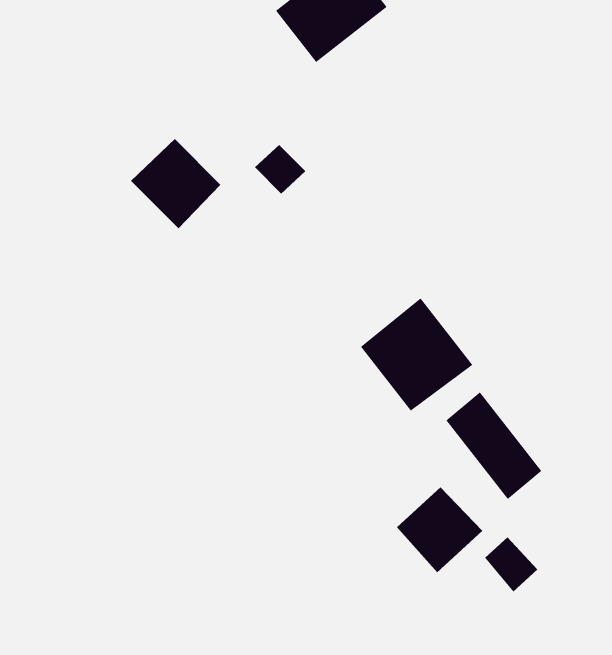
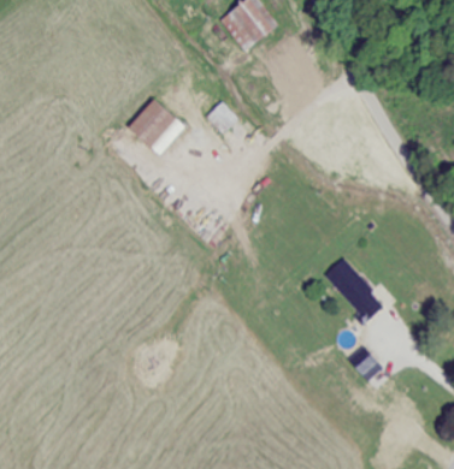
building: [360,297,473,412] -> none
building: [396,486,483,573] -> none

